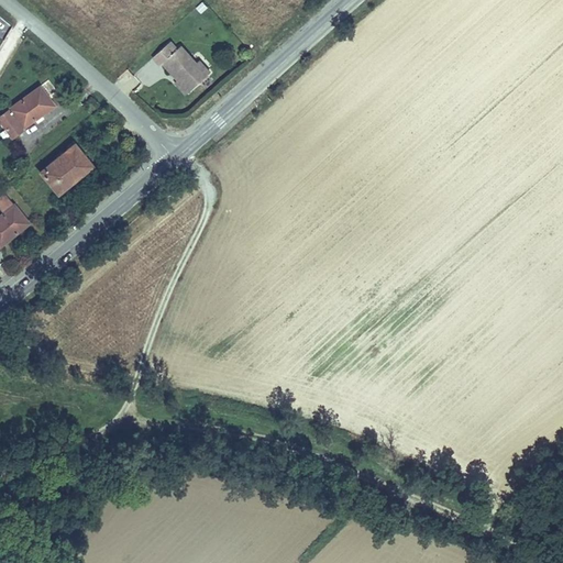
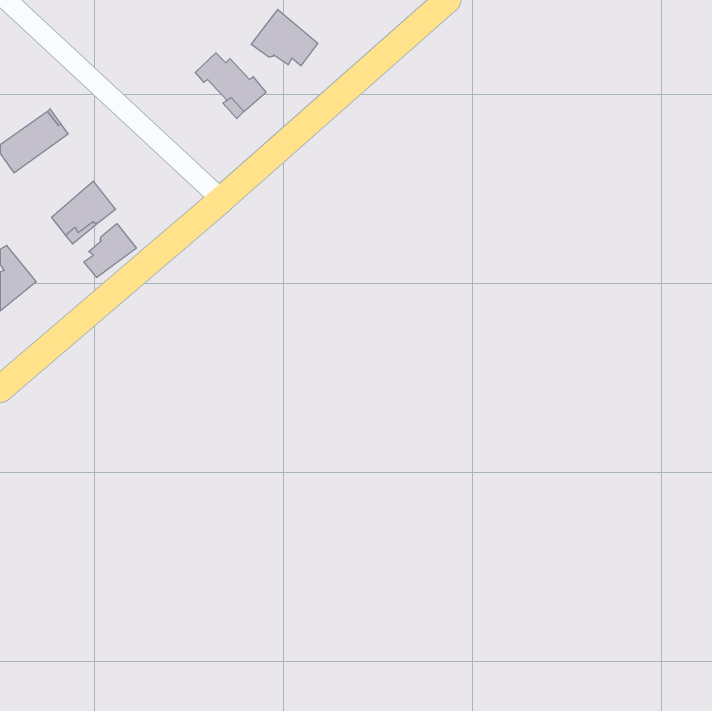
building: none -> [251,9,318,66]
building: none -> [84,224,136,277]

